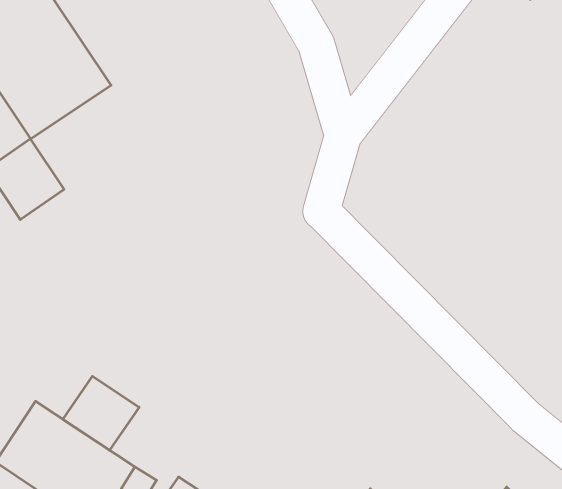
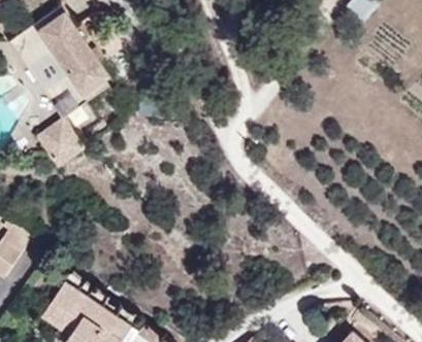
building: [63,376,139,450] -> none

